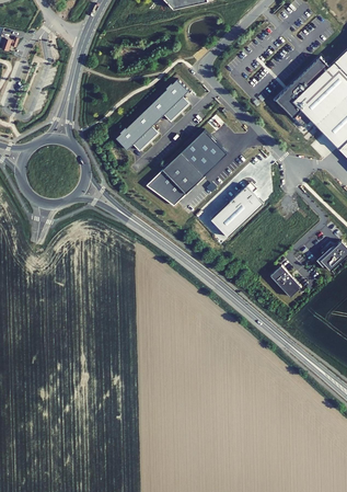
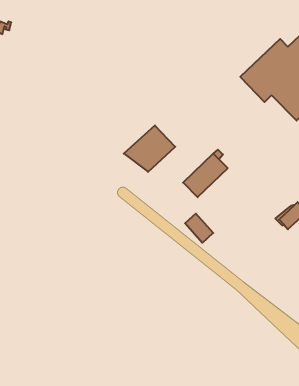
building: [114,79,187,151] -> none
building: [178,130,227,179] -> none
building: [268,265,300,298] -> [185,214,213,243]

